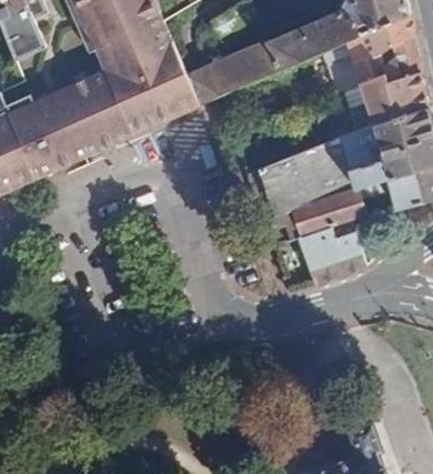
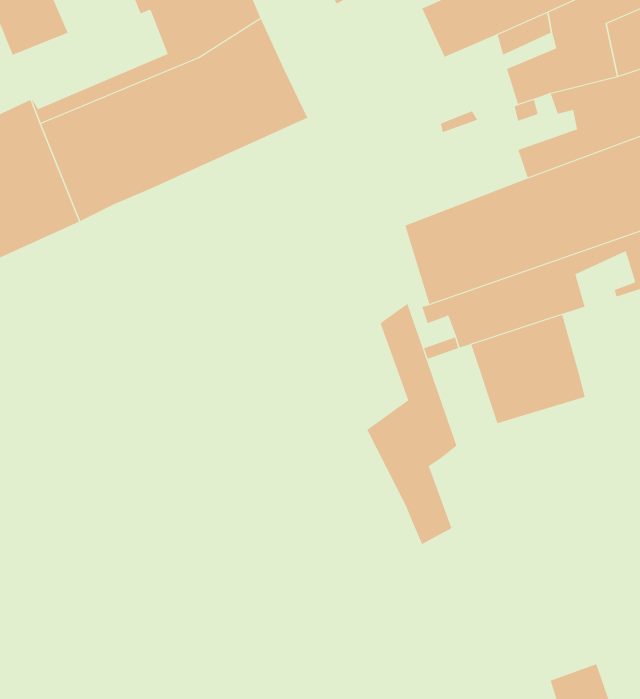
building: [187,40,280,104] -> none
building: none -> [367,303,457,545]

